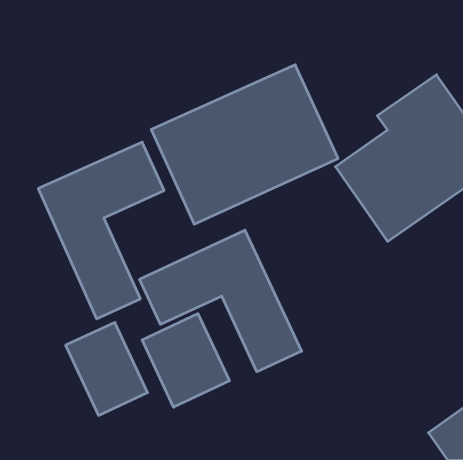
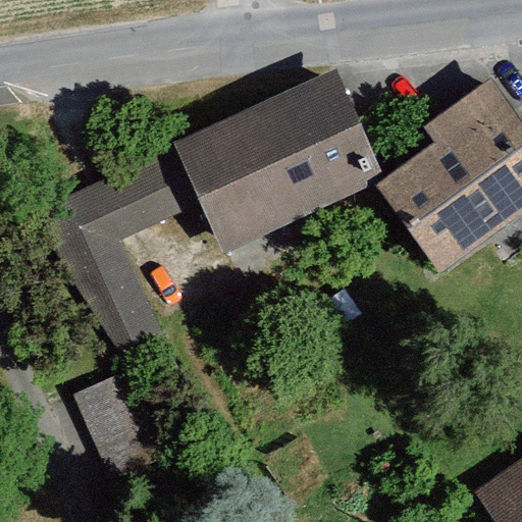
building: [140,230,302,372] -> none
building: [142,314,229,407] -> none

